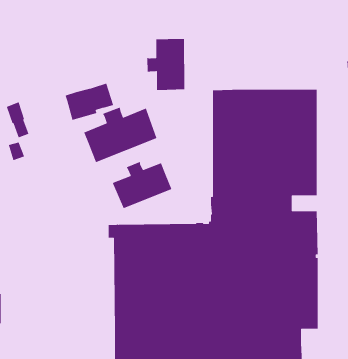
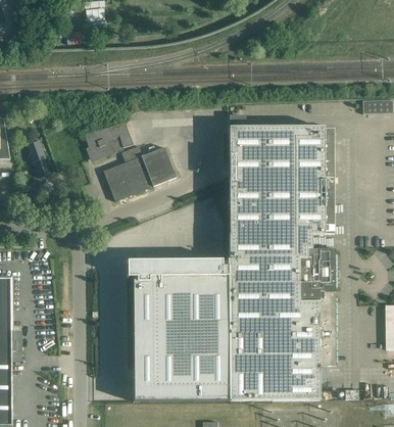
building: [147,38,185,91] -> none
building: [112,161,172,209] -> none

